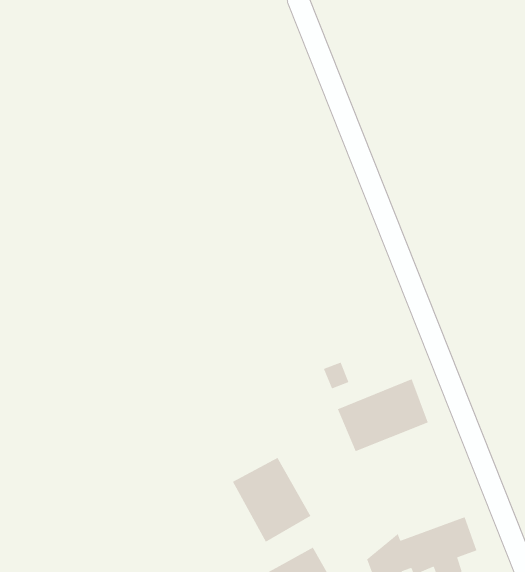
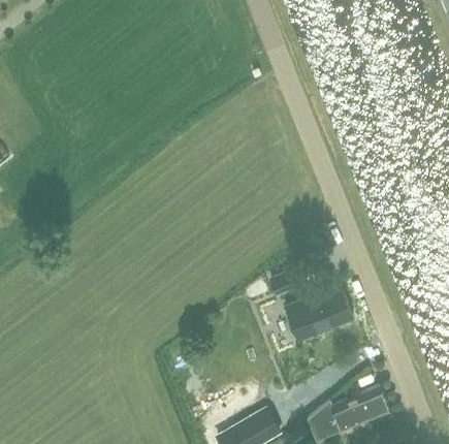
building: [232,457,312,543] -> none

